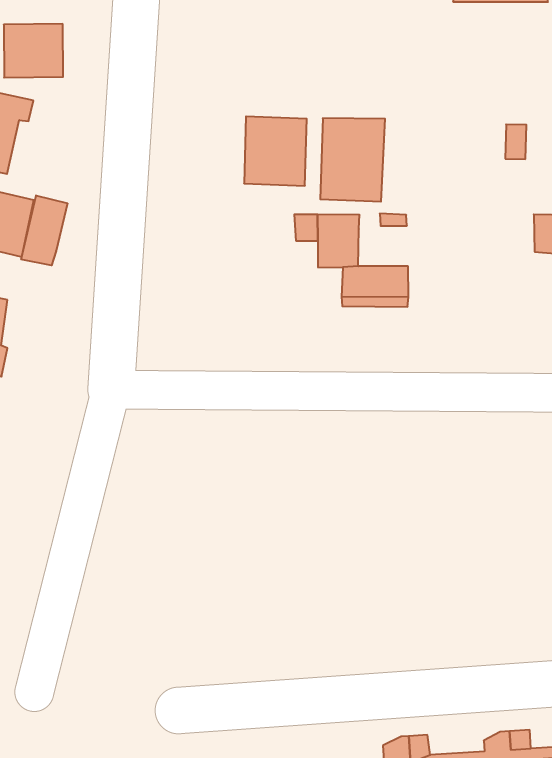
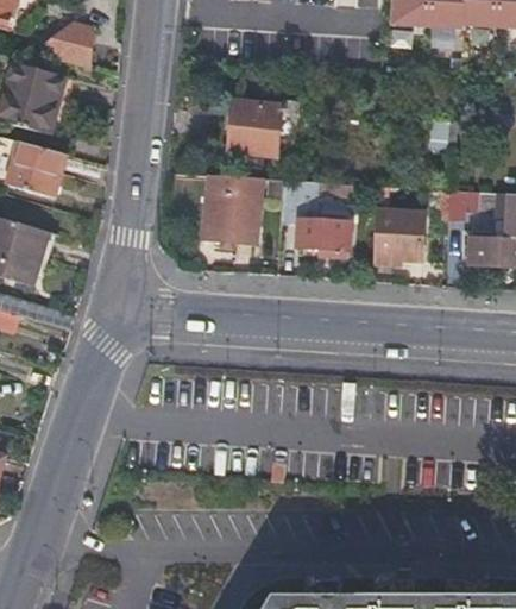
building: [320,118,385,202] -> [204,175,258,241]
building: [21,195,67,265] -> none
building: none -> [372,211,422,259]

